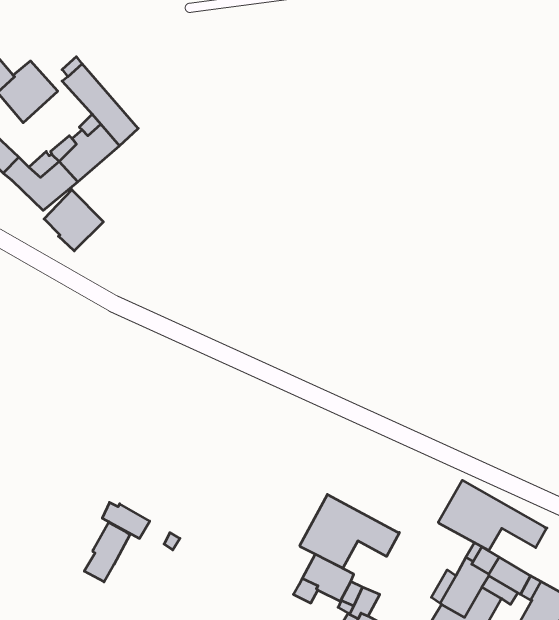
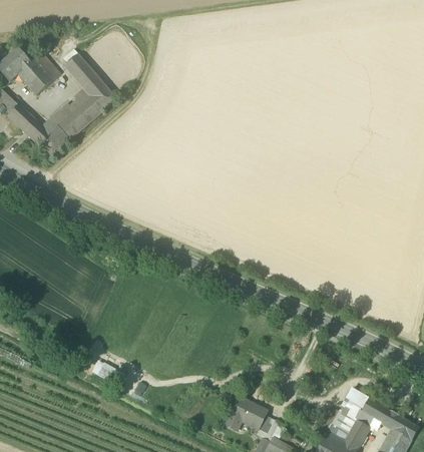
building: [44,190,103,251] -> none
building: [438,480,547,550] -> none
building: [300,494,399,568] -> none
building: [84,522,130,582] -> none

